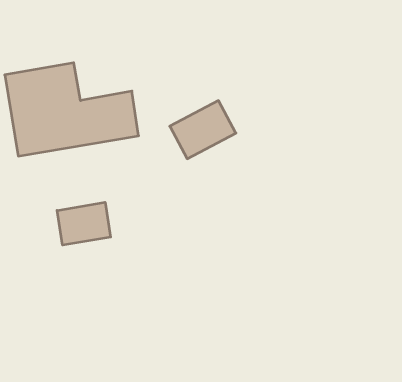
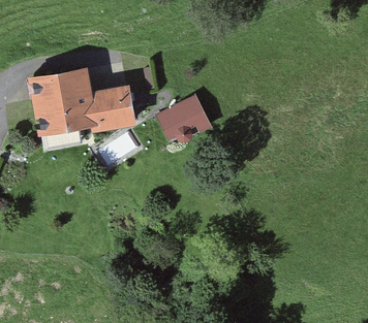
building: [57,202,111,245] -> none

